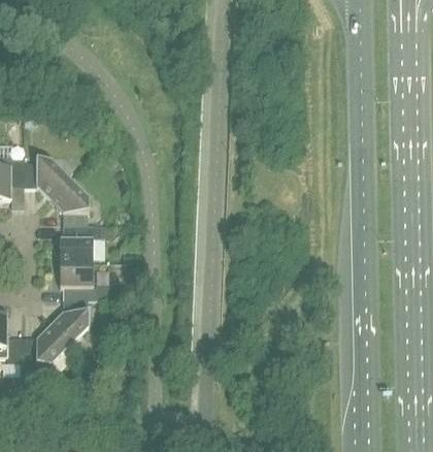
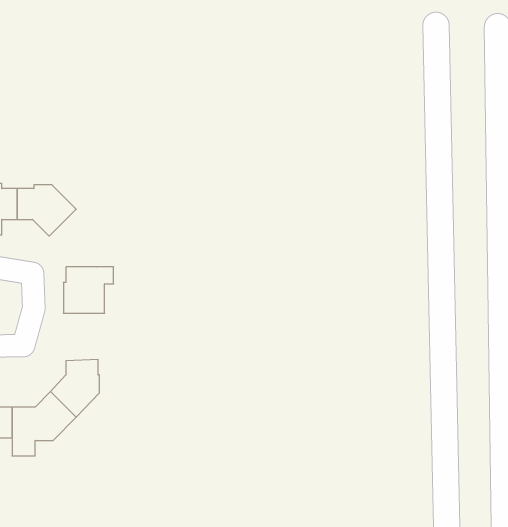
building: [48,179,89,225] -> none
building: [60,262,127,300] -> none

